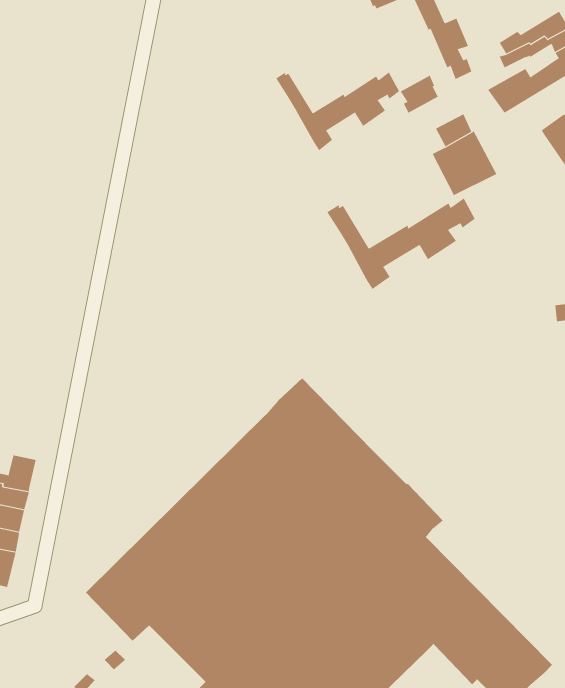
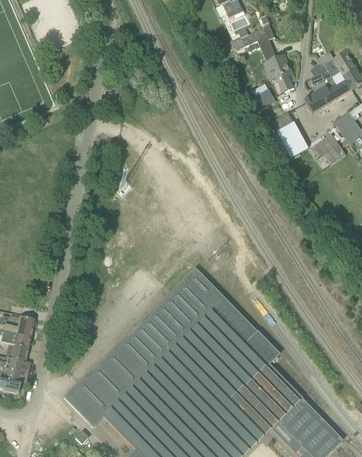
building: [275,72,400,151] -> none
building: none -> [311,133,345,163]
building: [327,198,475,290] -> none

